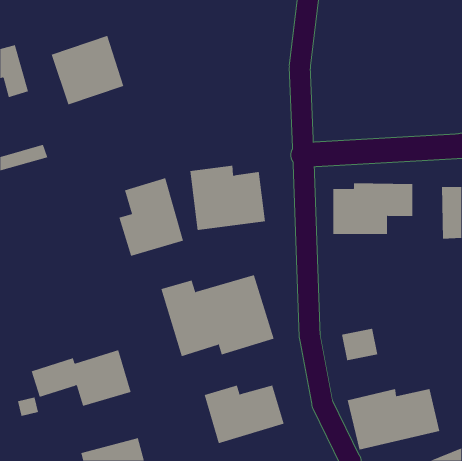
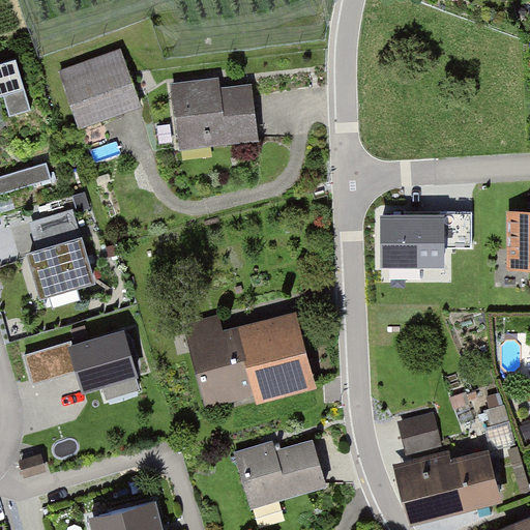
building: [190,165,266,230] -> [168,80,255,154]
building: [119,178,184,256] -> [22,209,96,299]
building: [341,328,378,361] -> [399,413,441,450]
building: [31,349,131,407] -> [23,330,138,395]

